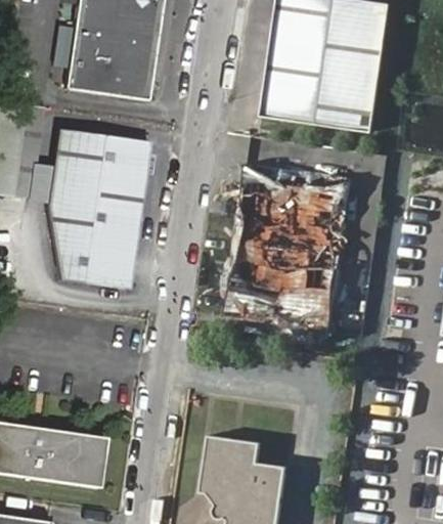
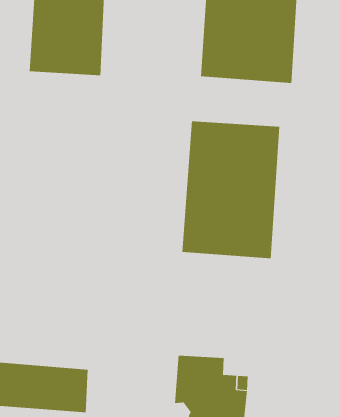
building: [33,129,150,289] -> none

